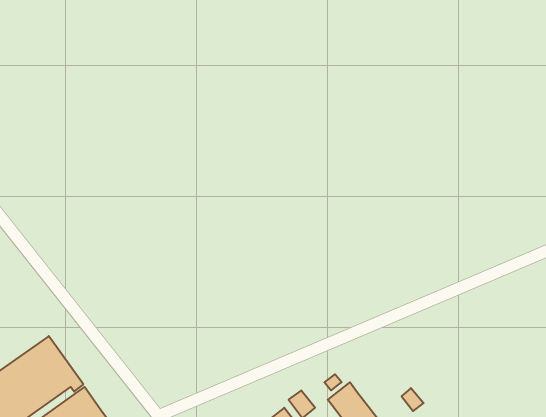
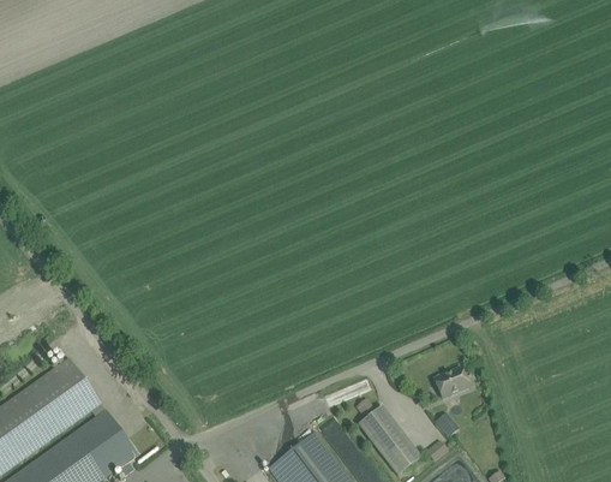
building: none -> [435,367,474,397]

